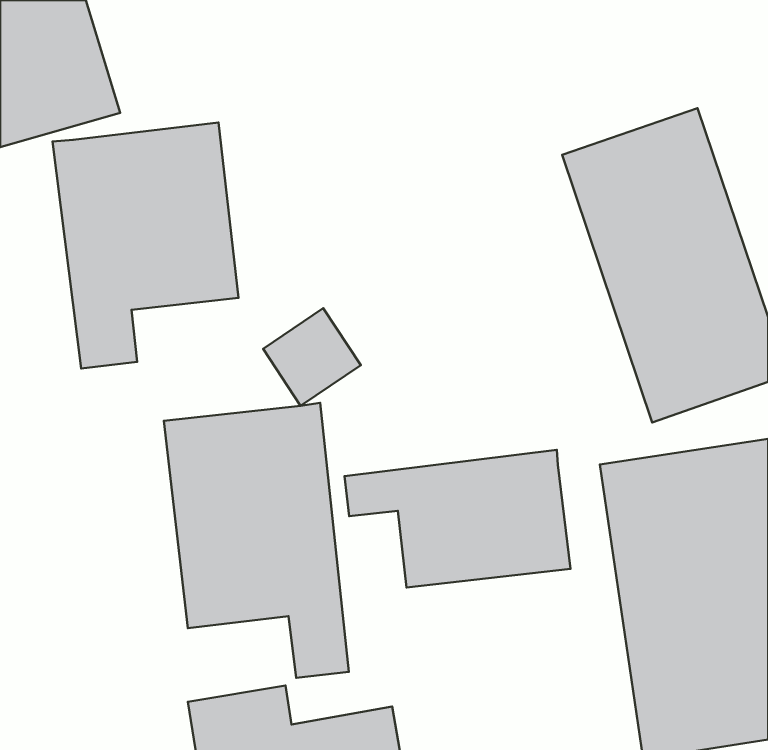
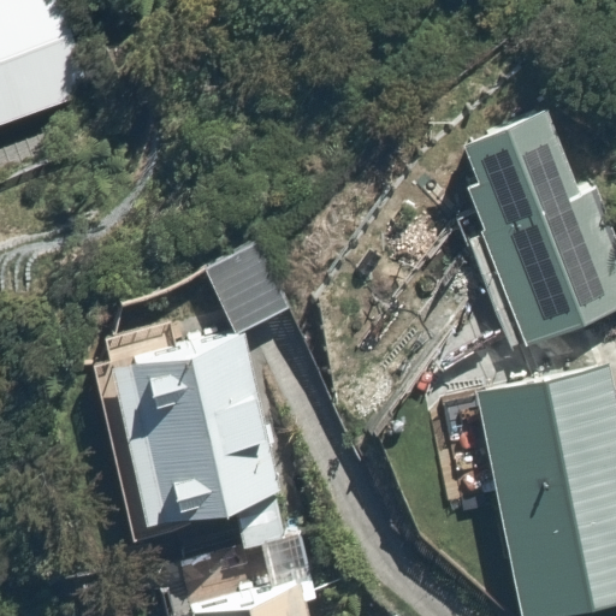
building: [52,122,239,368] -> none
building: [344,450,570,588] -> none

